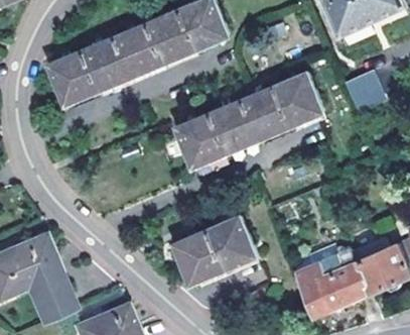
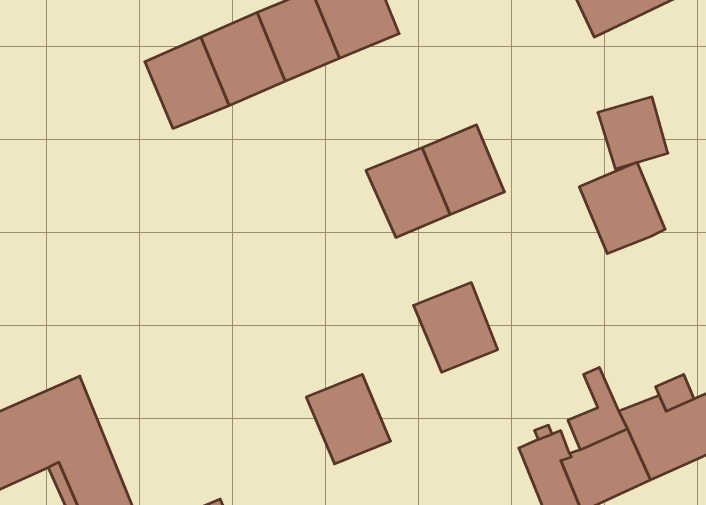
building: [52,52,100,104] -> none
building: [274,75,323,127] -> [579,162,665,254]
building: [178,115,228,168] -> none
building: [209,219,257,270] -> [413,283,498,372]

